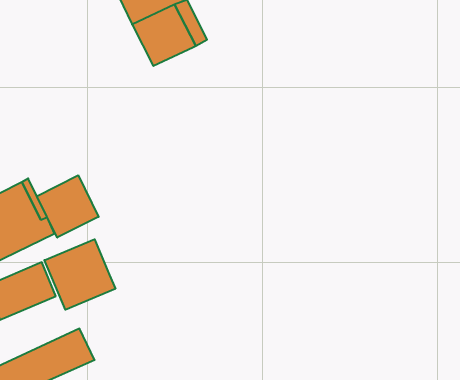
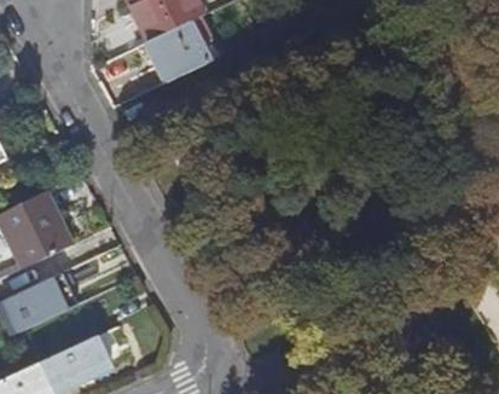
building: [37,175,99,238] -> none
building: [44,239,115,310] -> none

